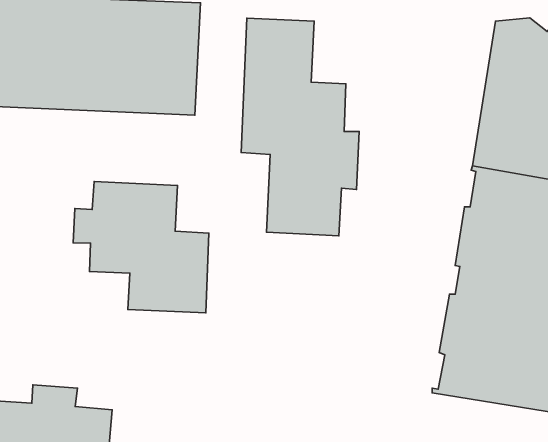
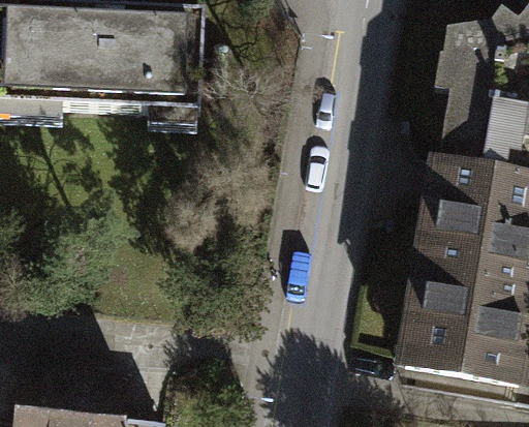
building: [241,18,359,236] -> none
building: [73,181,209,313] -> none

